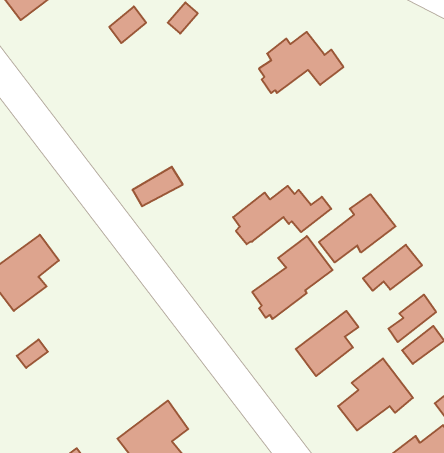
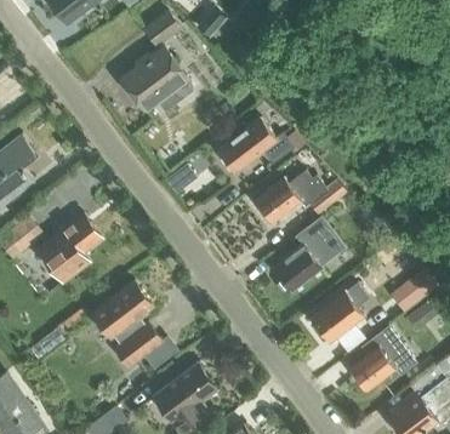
building: [259,32,343,93] -> [217,118,292,172]
building: none -> [121,47,192,109]
building: [319,194,396,262] -> none
building: [363,245,422,291] -> none
building: none -> [92,282,164,370]

